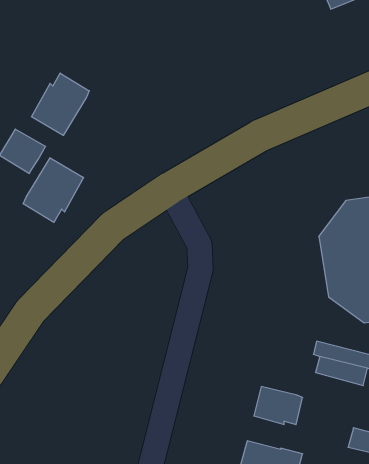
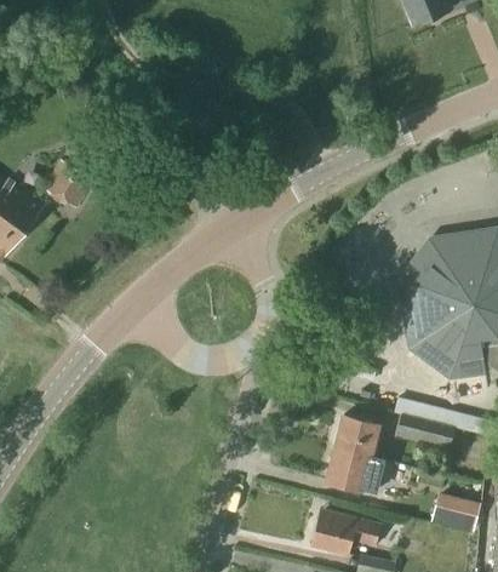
building: [32,73,89,135] -> none
building: [23,158,84,222] -> none
building: none -> [337,416,380,458]

